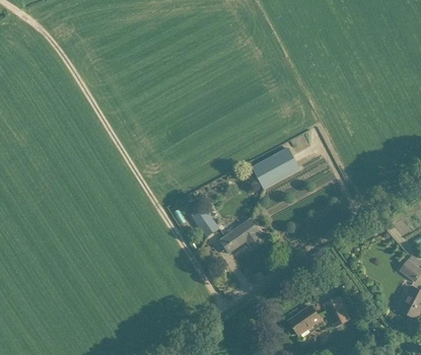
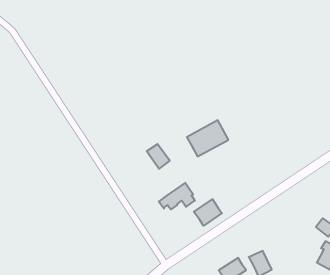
building: [193,208,219,236] -> [147,144,170,169]
building: none -> [194,199,222,226]

